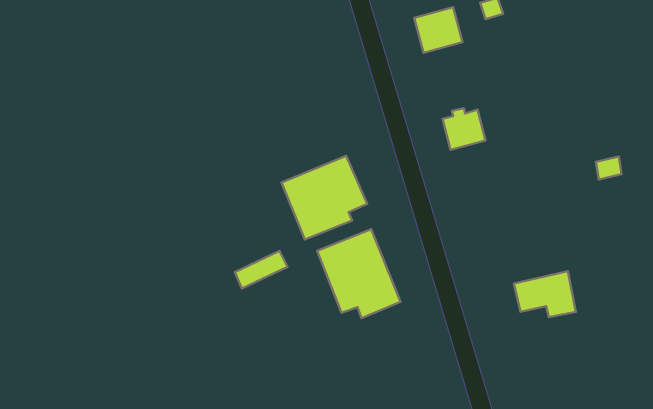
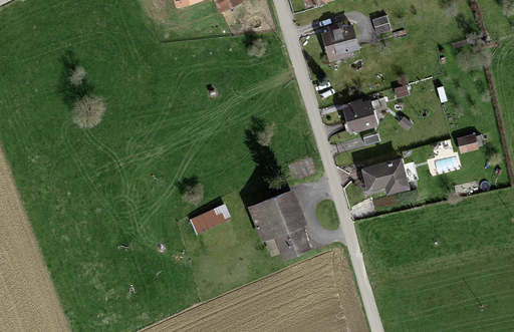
building: [281,156,367,240] -> none
building: [514,271,576,317] -> [362,158,409,193]

